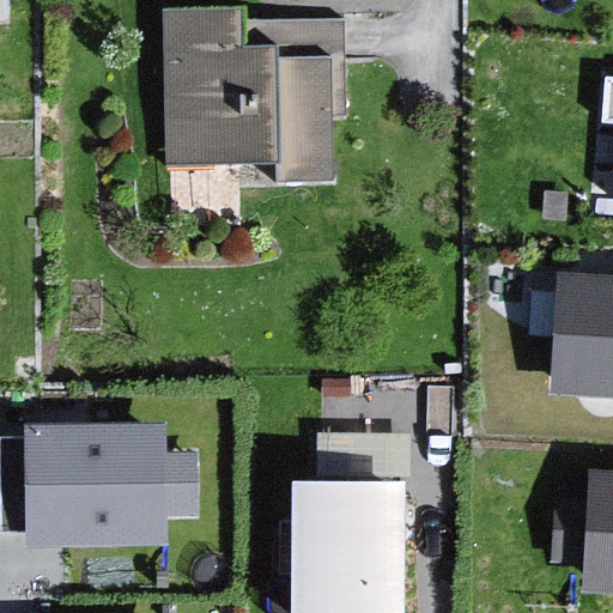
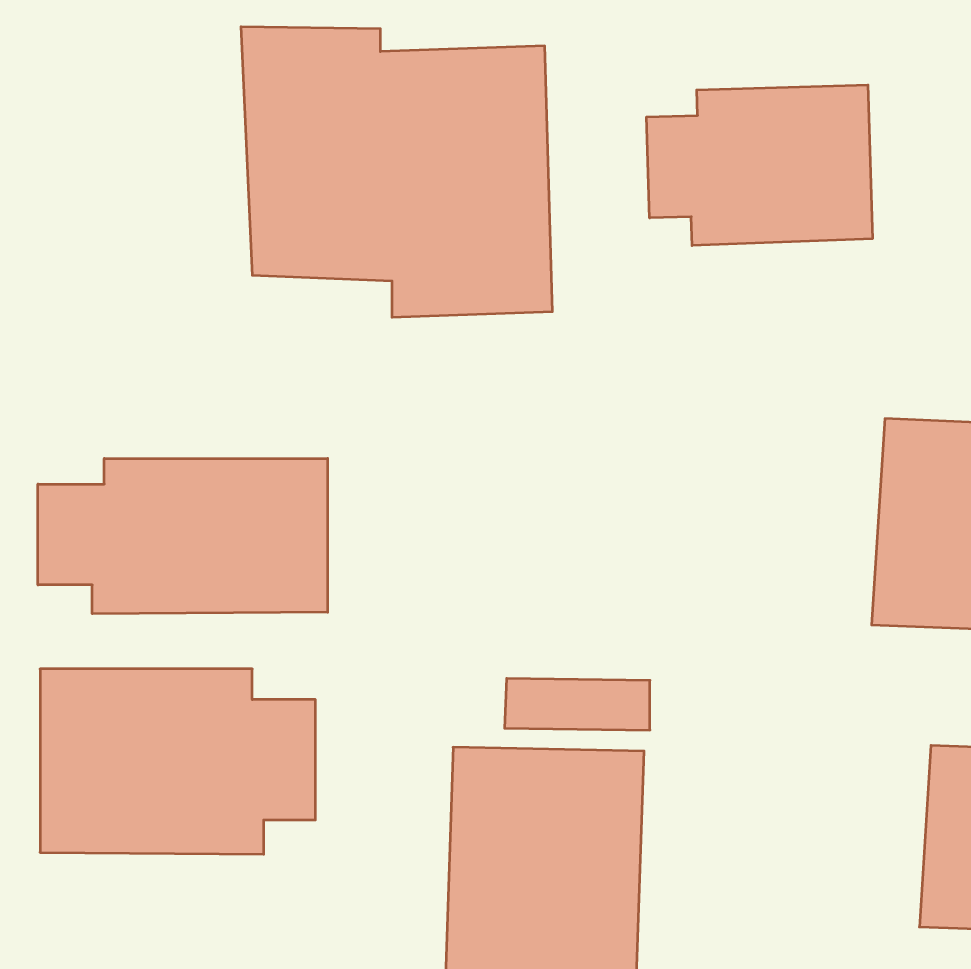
building: none -> [647,85,872,246]
building: none -> [38,458,328,614]

